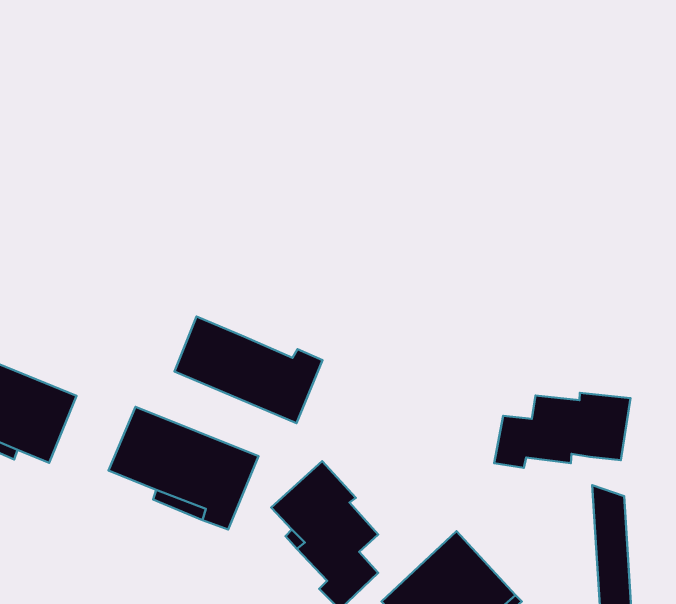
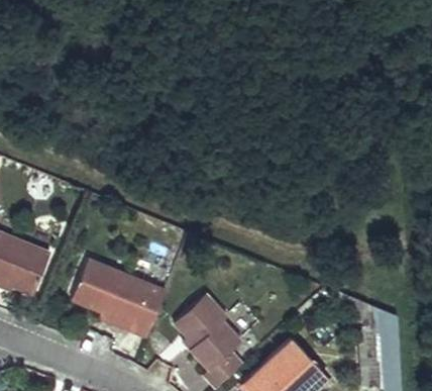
building: [174,317,322,423] -> none
building: [494,393,630,468] -> none

